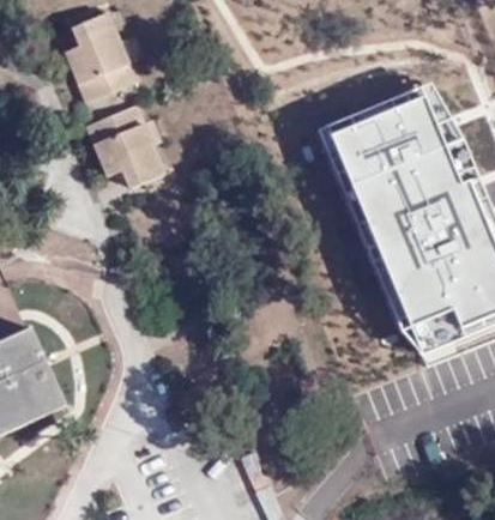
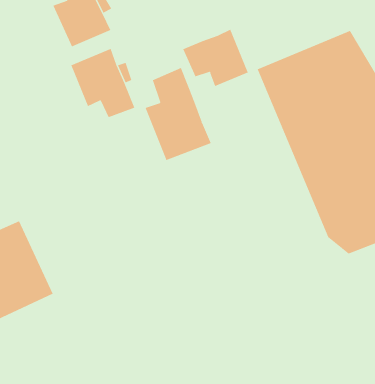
building: none -> [183,29,249,87]
building: none -> [145,67,212,161]

